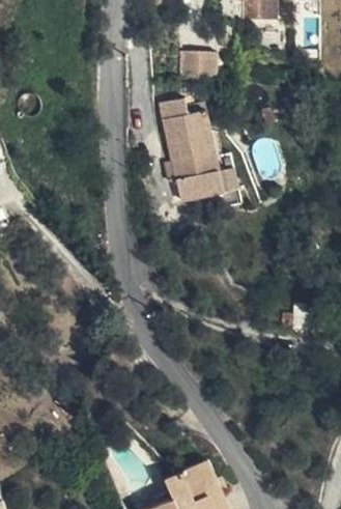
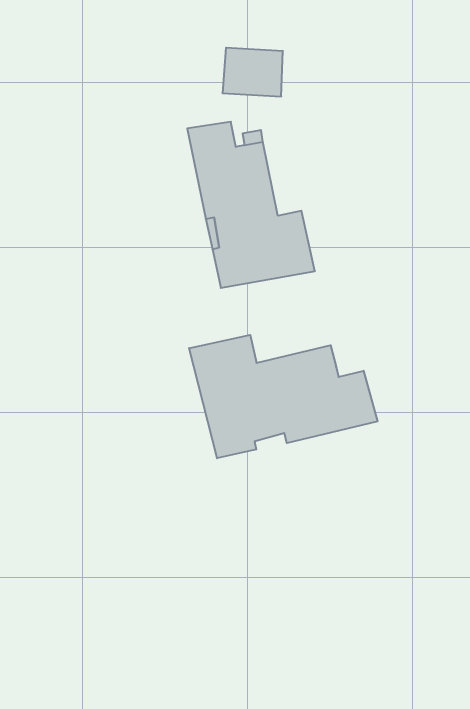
building: none -> [189,335,378,458]

